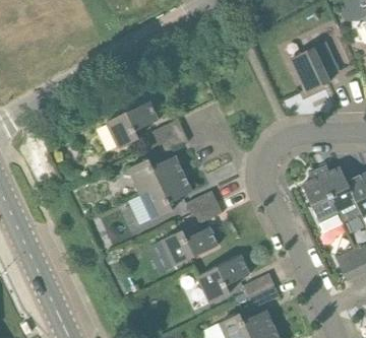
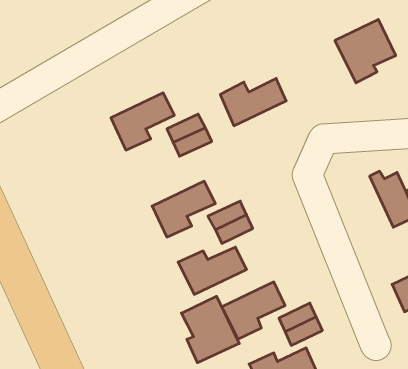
building: [128,155,182,194] -> [220,78,286,126]
building: [301,170,342,231] -> none
building: none -> [181,296,239,363]

